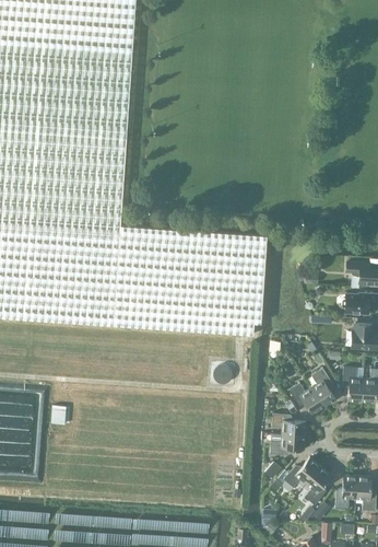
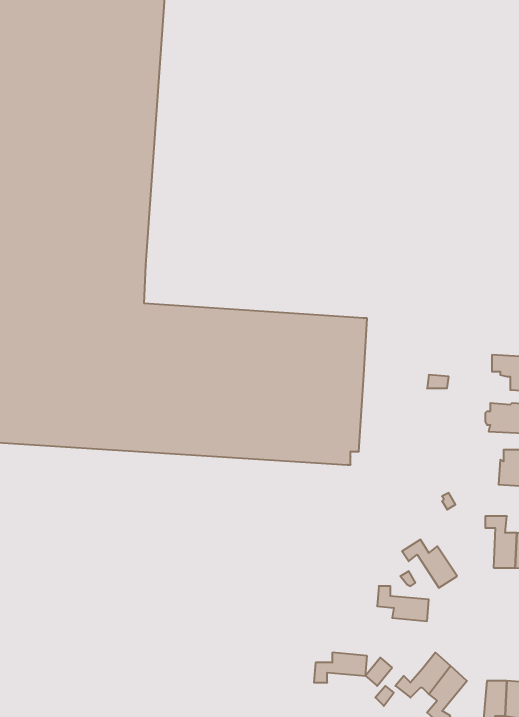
building: [311,366,335,406] -> none
building: [270,433,305,453] -> [314,653,367,683]

